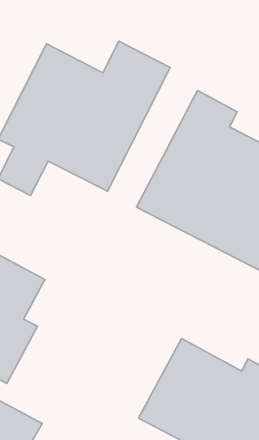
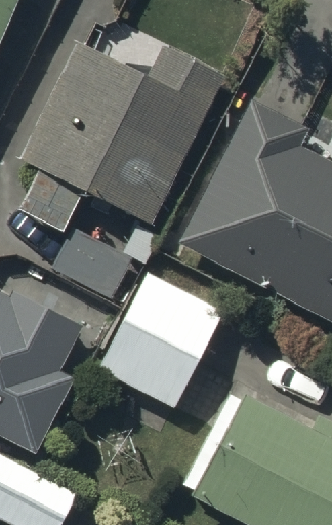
building: none -> [101,277,222,409]

